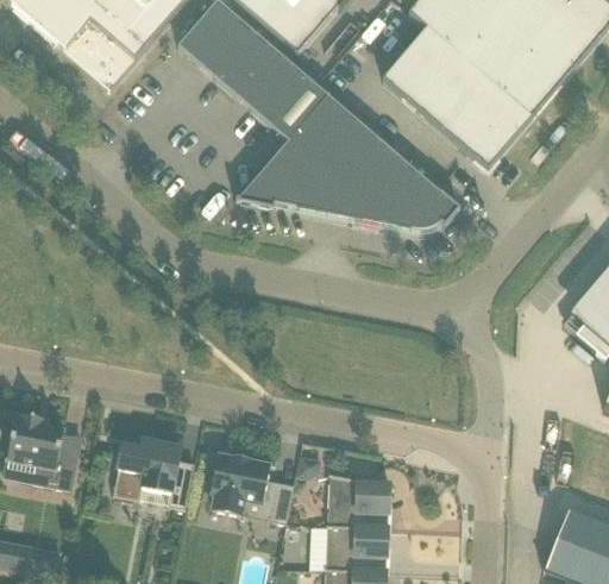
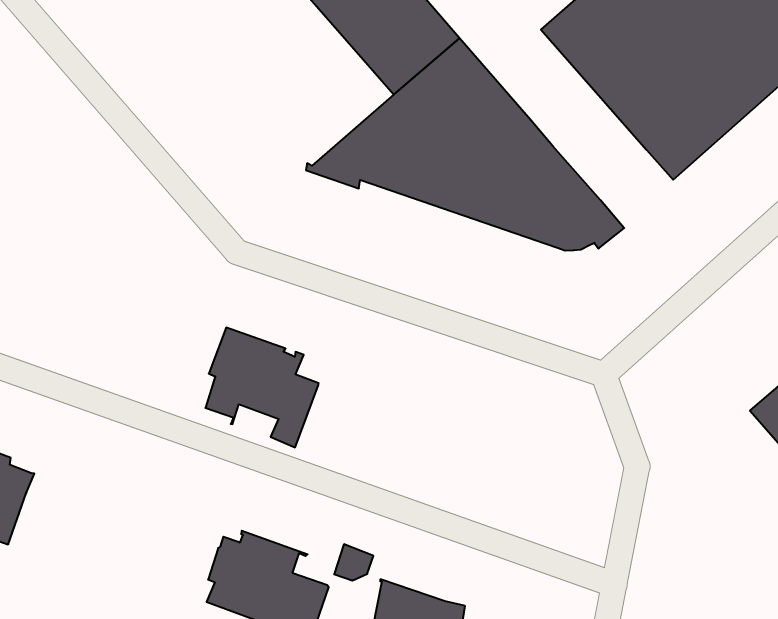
building: [118,433,194,508] -> [205,328,319,447]

